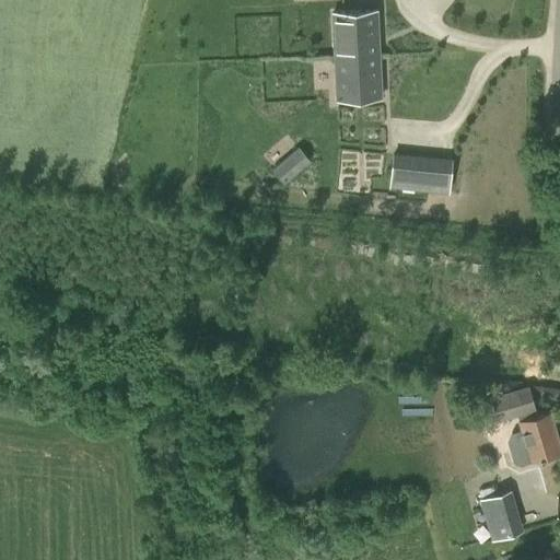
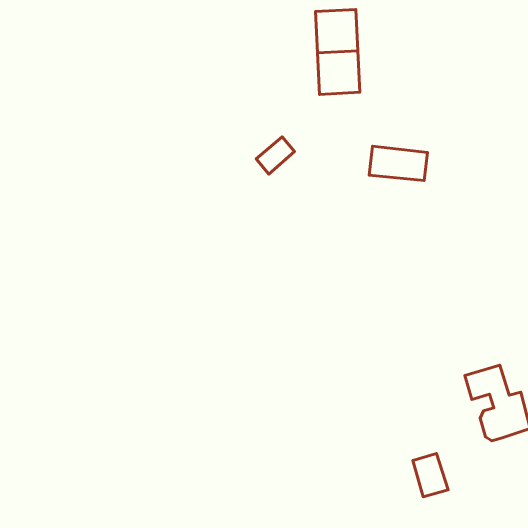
building: [483,494,521,540] -> [413,453,448,497]

